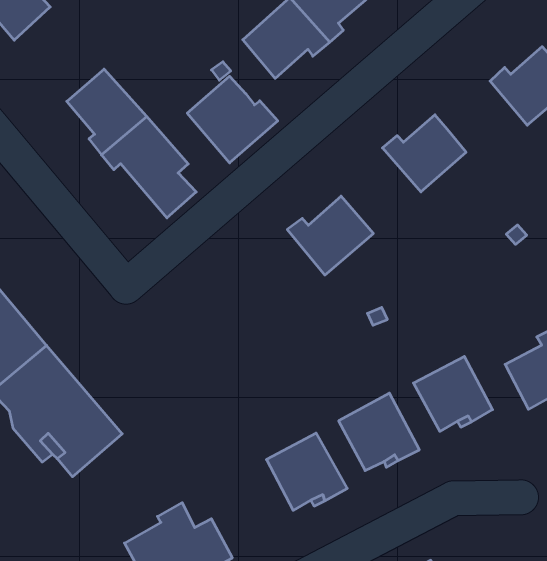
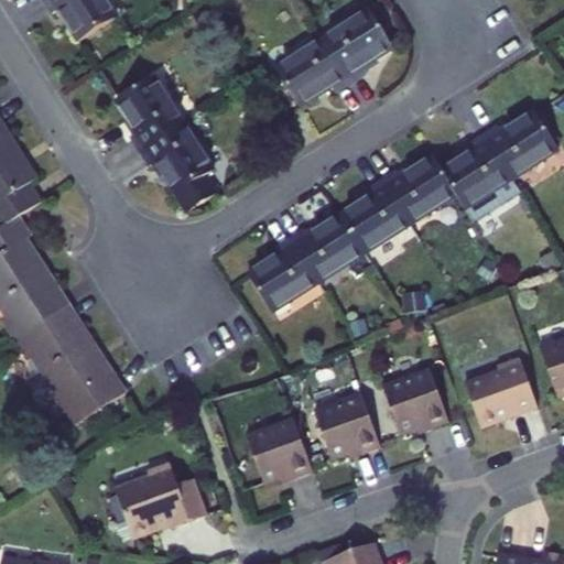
building: [187,76,278,163] -> none
building: none -> [443,134,521,221]
building: none -> [343,178,412,251]
building: none -> [249,237,318,311]

